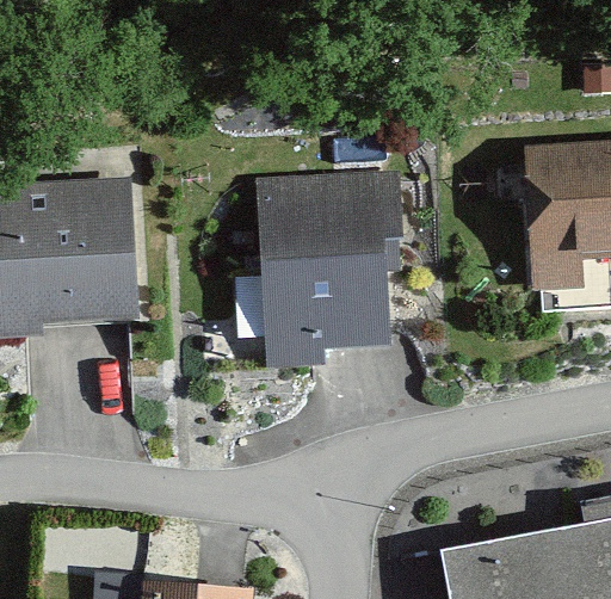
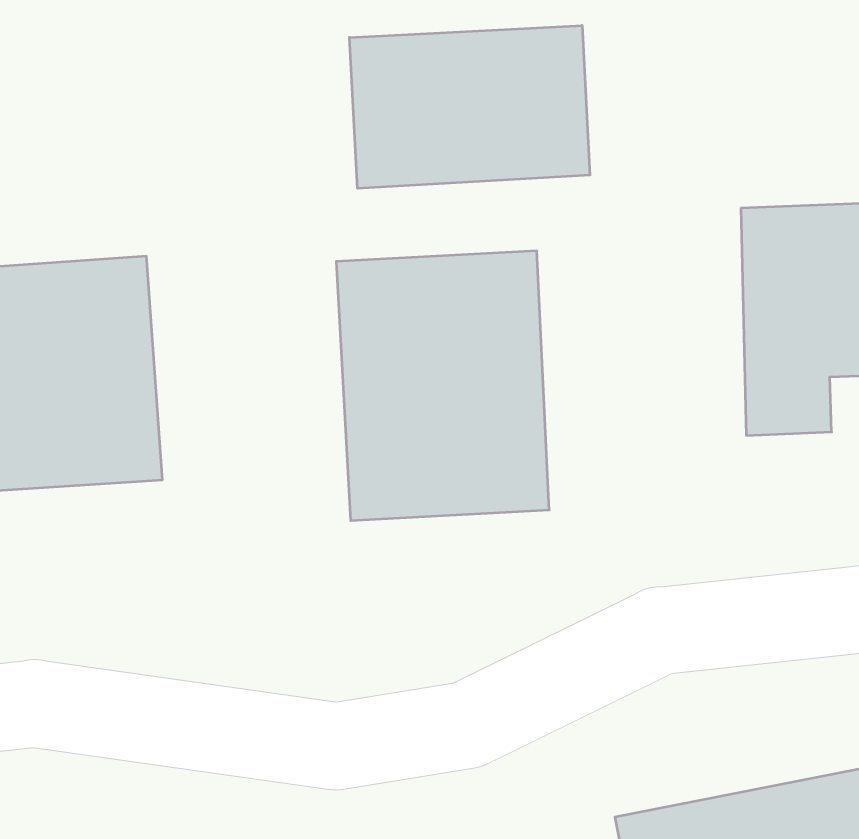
building: none -> [349,25,590,188]

